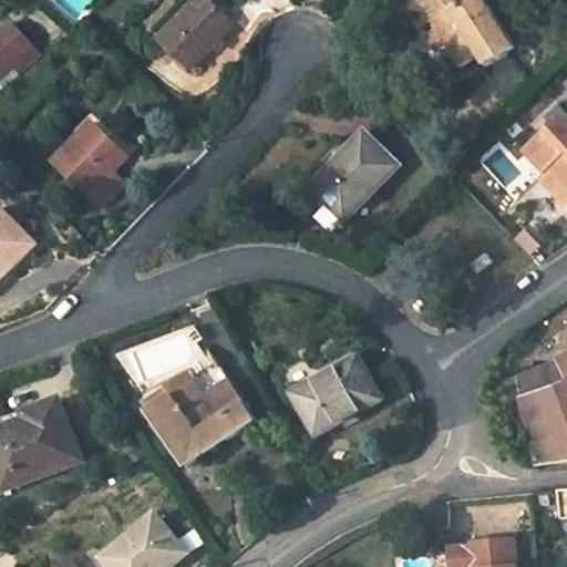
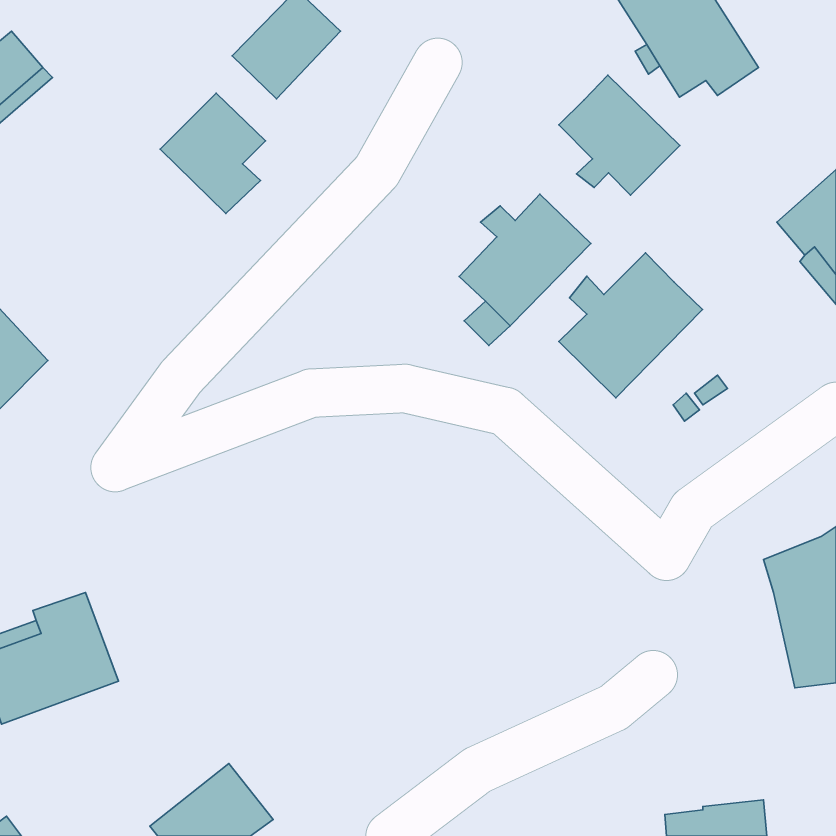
building: none -> [559,75,680,195]
building: [53,123,124,204] -> [160,93,265,213]
building: none -> [559,253,703,398]
building: [116,326,255,465] -> none
building: [289,354,379,434] -> none

